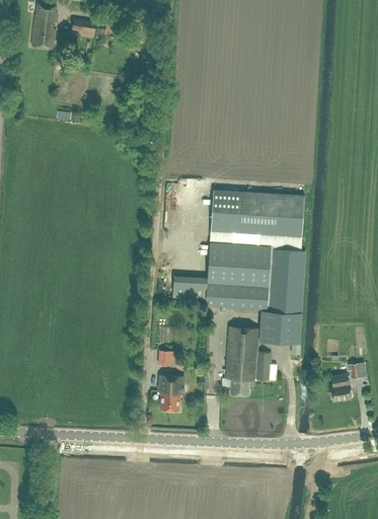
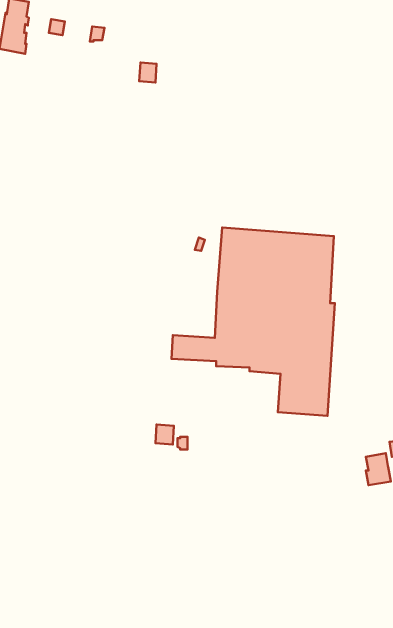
building: [225,326,277,397] -> none
building: [157,376,182,411] -> none

